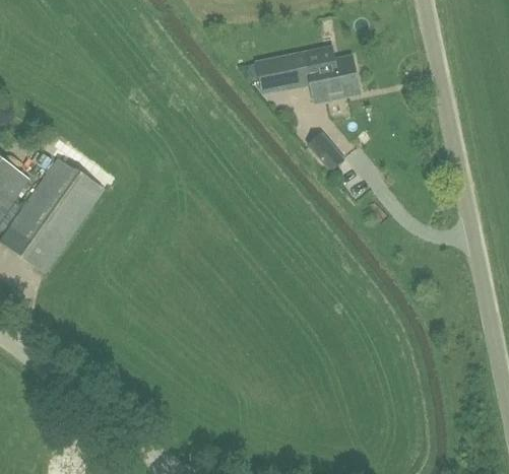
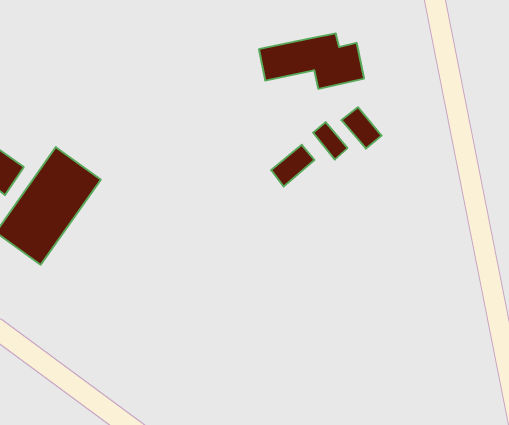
building: none -> [341,107,382,149]
building: none -> [271,145,314,187]

